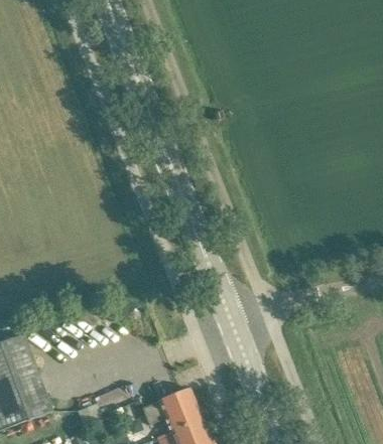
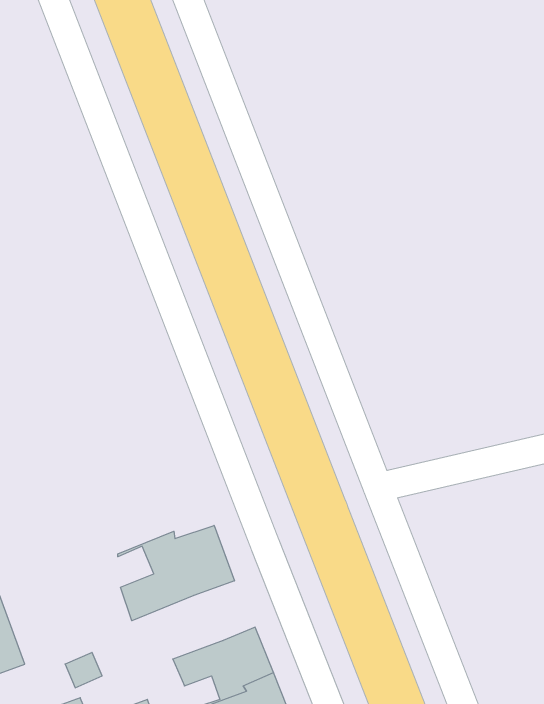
building: none -> [118,525,234,621]

